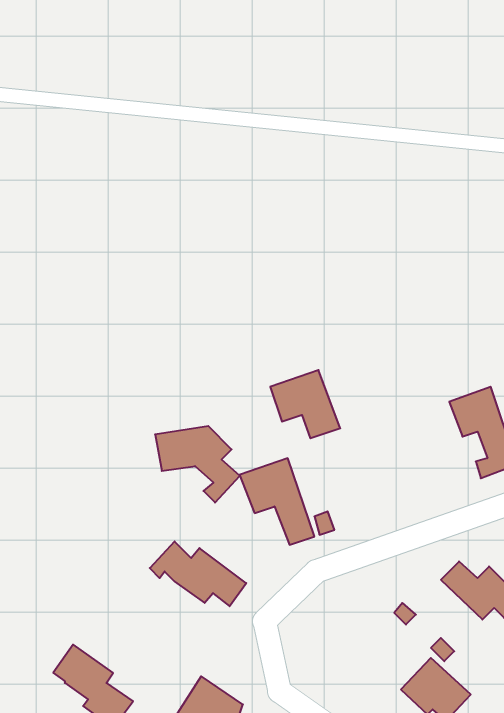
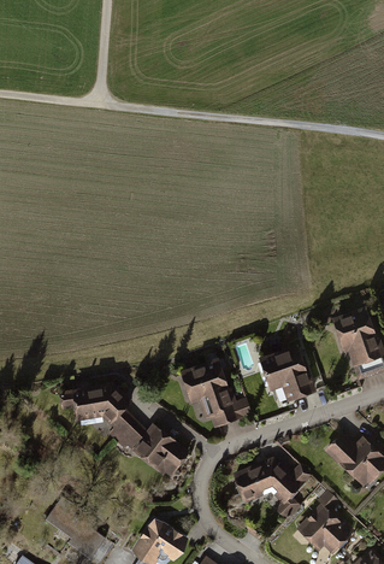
building: [270,370,340,438] -> [261,349,312,399]
building: [155,426,240,503] -> [73,386,135,441]
building: none -> [235,460,299,501]

